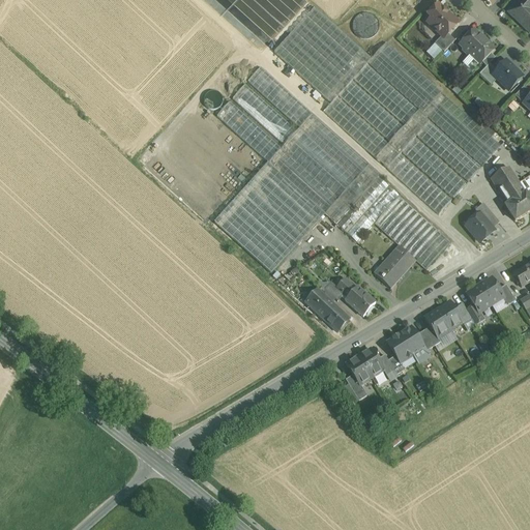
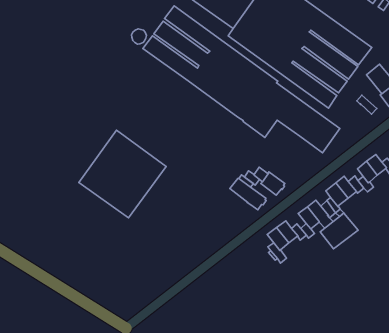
building: [214,160,325,271] -> [79,130,166,218]
building: [466,212,494,241] -> none
building: [374,244,415,287] -> none
building: none -> [320,213,358,249]

